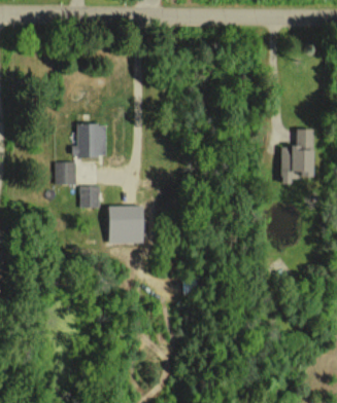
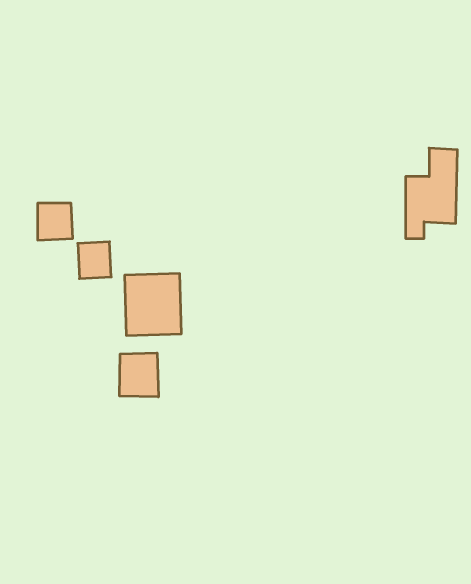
building: [72,124,105,157] -> none
building: none -> [120,353,158,397]

